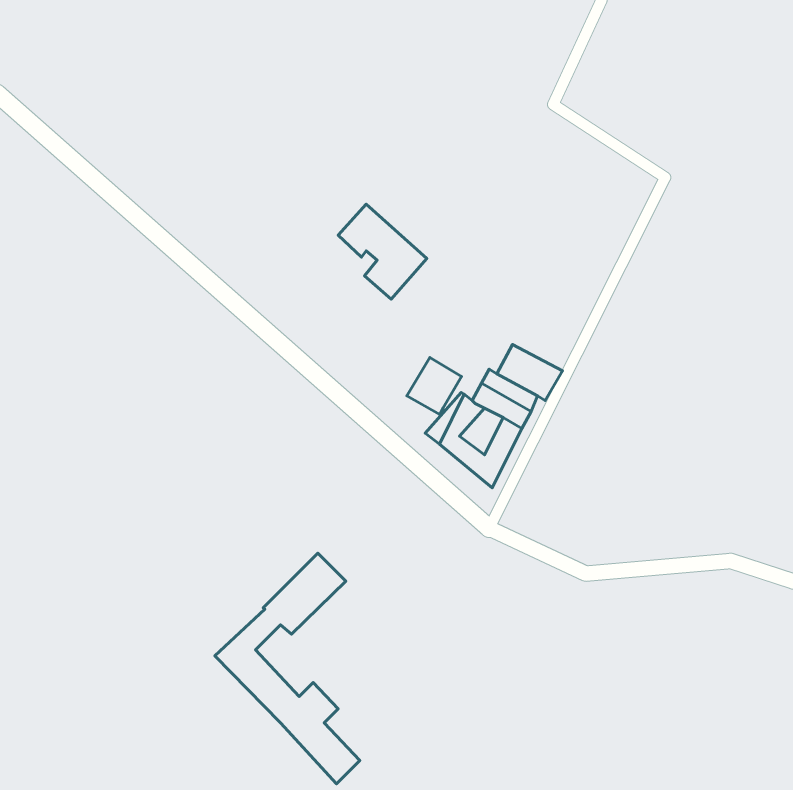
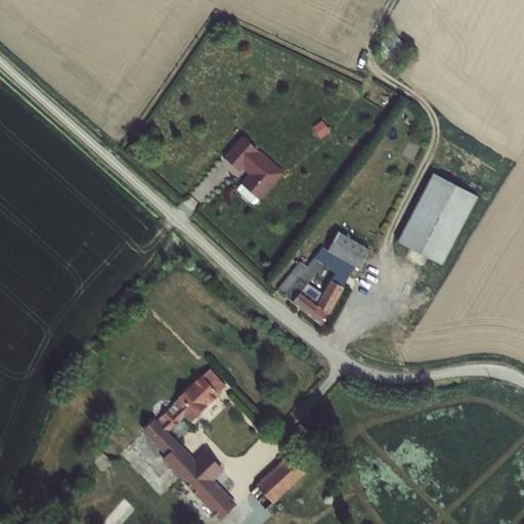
building: none -> [396,170,479,264]
building: [407,357,462,414] -> none
building: none -> [252,454,308,509]

